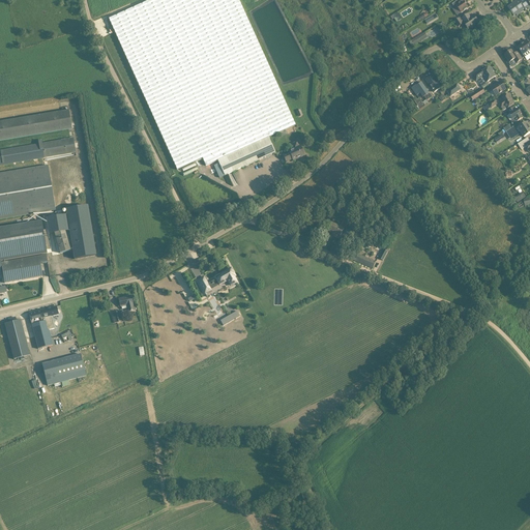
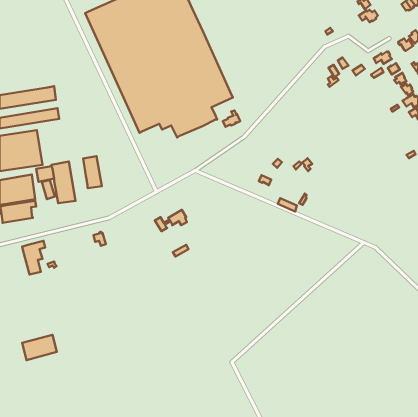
building: none -> [83,156,102,188]
building: [4,318,29,358] -> none
building: [41,352,85,384] -> [22,335,57,360]

